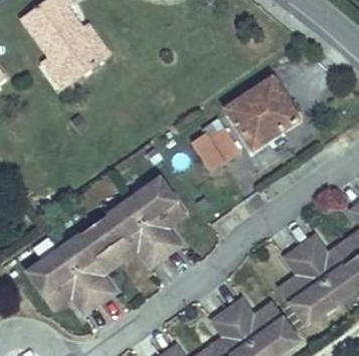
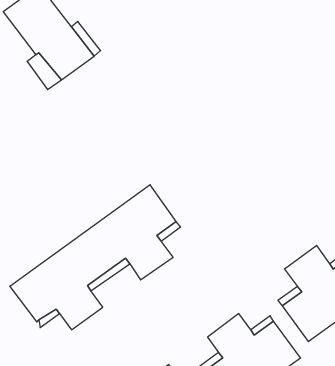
building: [227,82,299,147] -> none
building: [192,132,237,168] -> none

